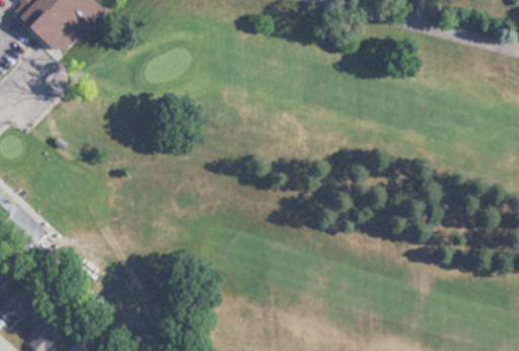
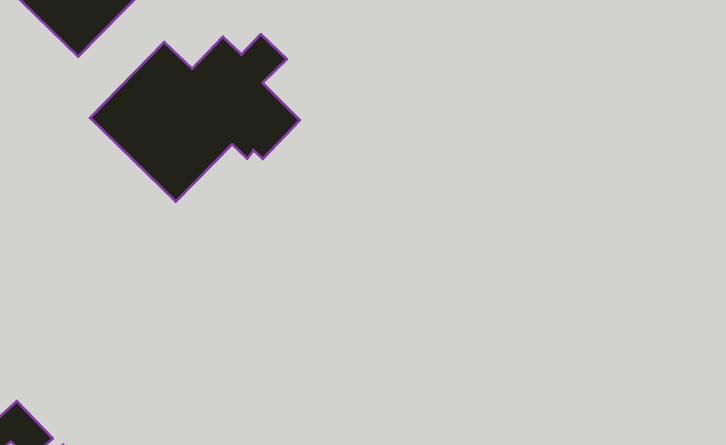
building: none -> [90,34,300,202]

